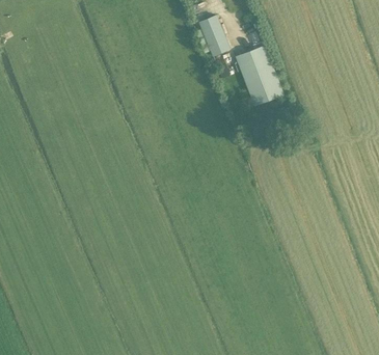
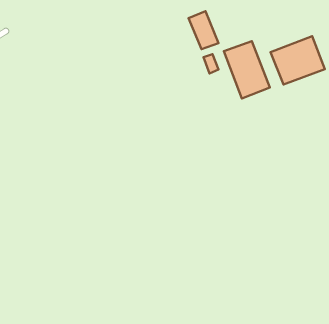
building: none -> [270,36,325,84]

